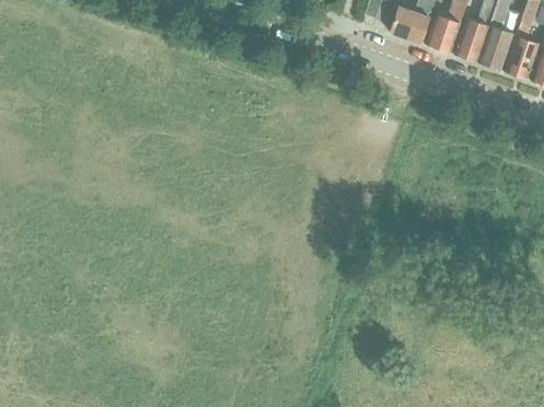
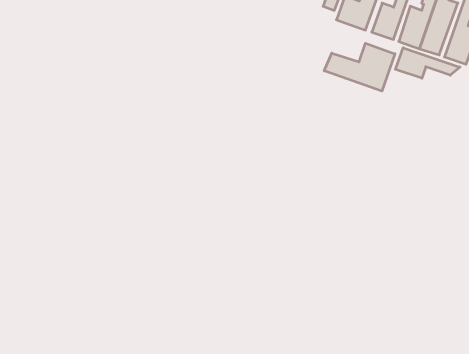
building: none -> [324,43,395,91]
building: none -> [395,48,460,78]

